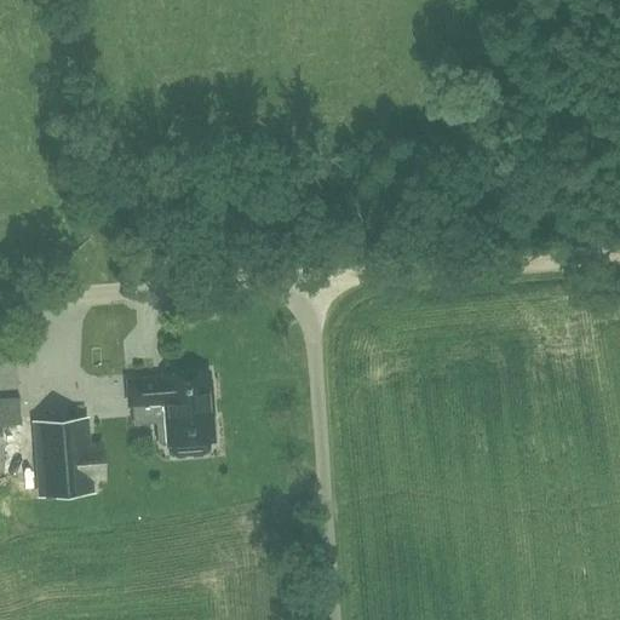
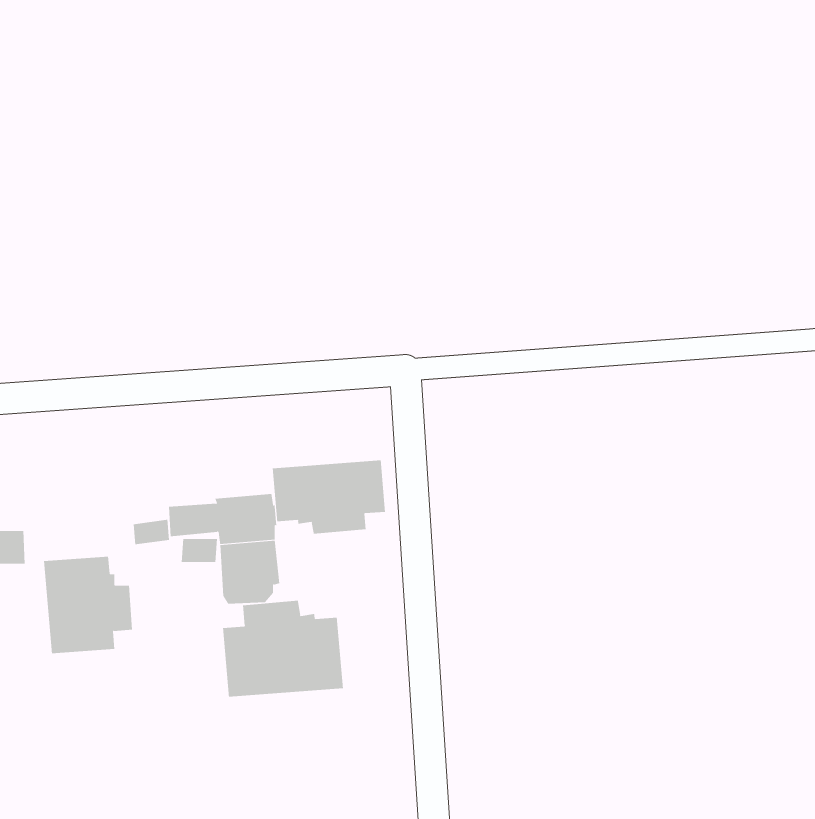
building: none -> [272,460,386,534]
building: none -> [222,600,343,698]

